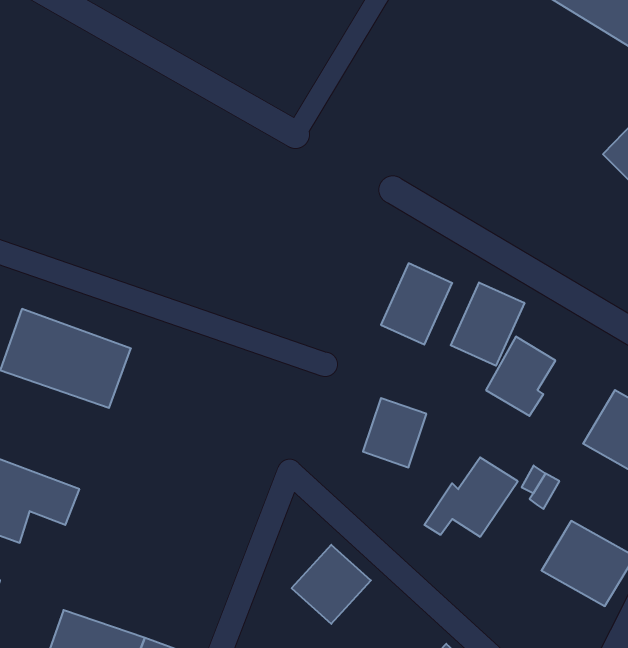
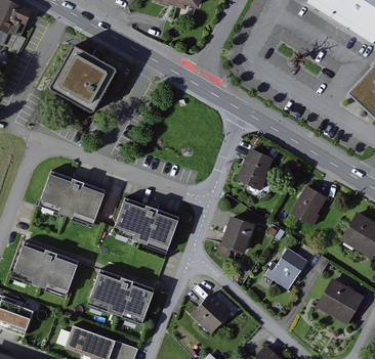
building: none -> [50,47,112,110]
building: [451,282,524,366] -> none
building: none -> [113,199,178,246]
building: none -> [88,272,151,319]

